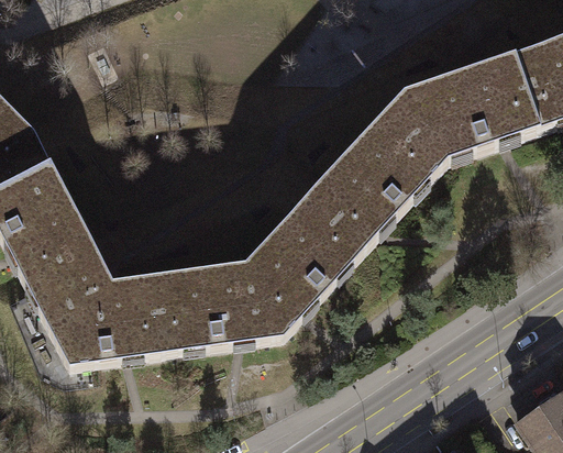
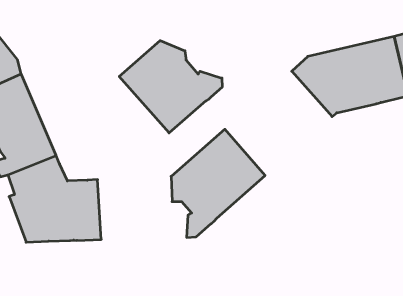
building: none -> [119,41,222,133]
building: [308,110,443,246] -> none
building: [152,259,276,349] -> none

